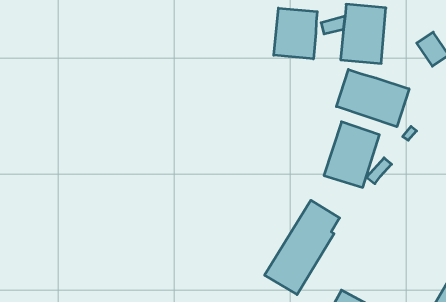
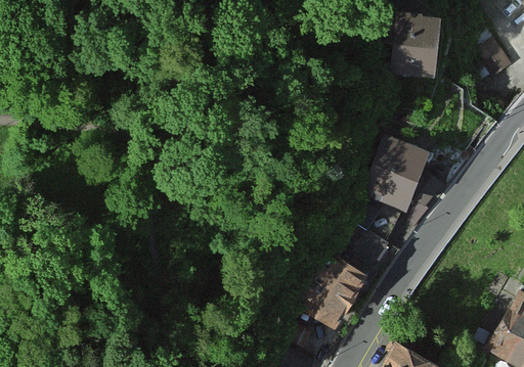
building: [274,8,317,59] -> none
building: [336,69,409,127] -> none

